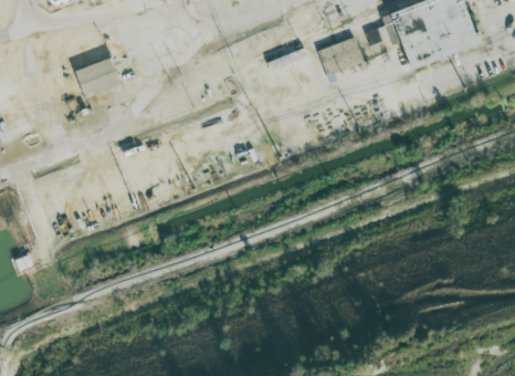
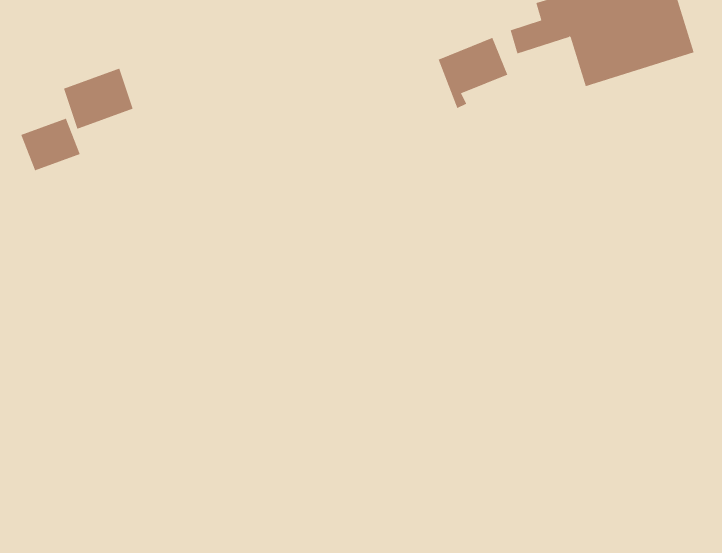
building: none -> [21,118,81,171]

